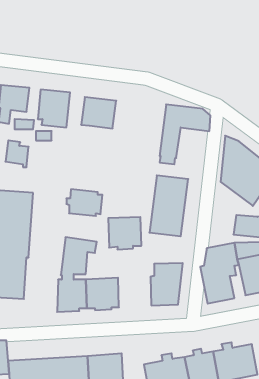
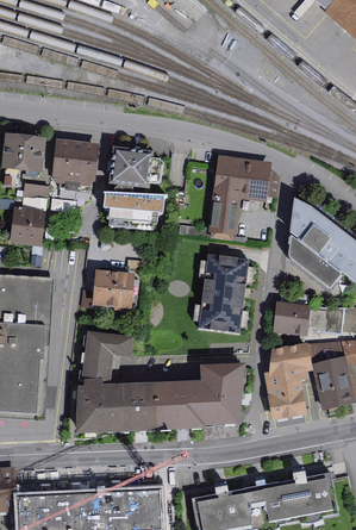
building: none -> [105,188,164,231]
building: none -> [271,299,310,335]
building: [108,217,141,249] -> [157,384,200,425]

